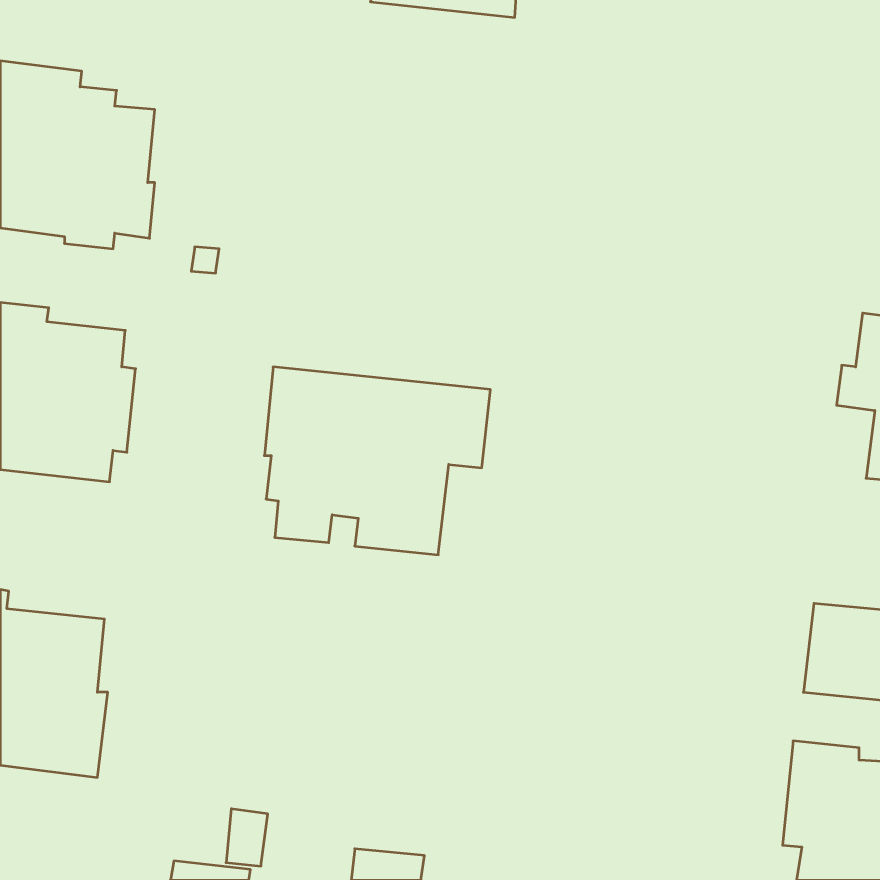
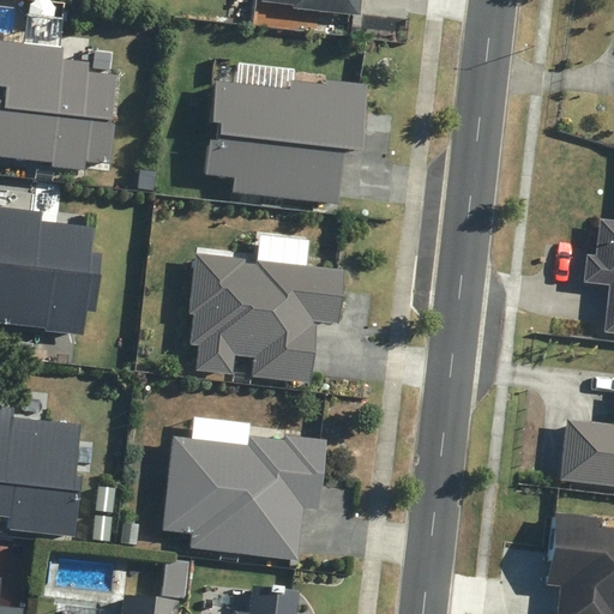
building: none -> [205,79,367,203]
building: none -> [161,435,325,559]

